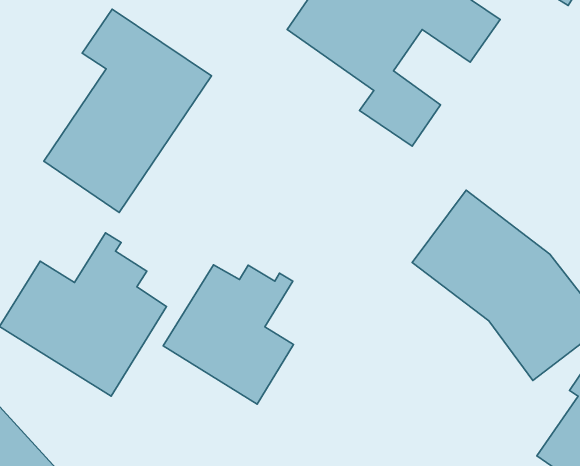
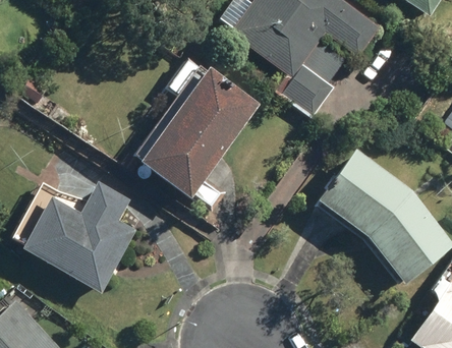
building: [44,9,211,212] -> [143,54,263,199]
building: [163,265,294,404] -> none

